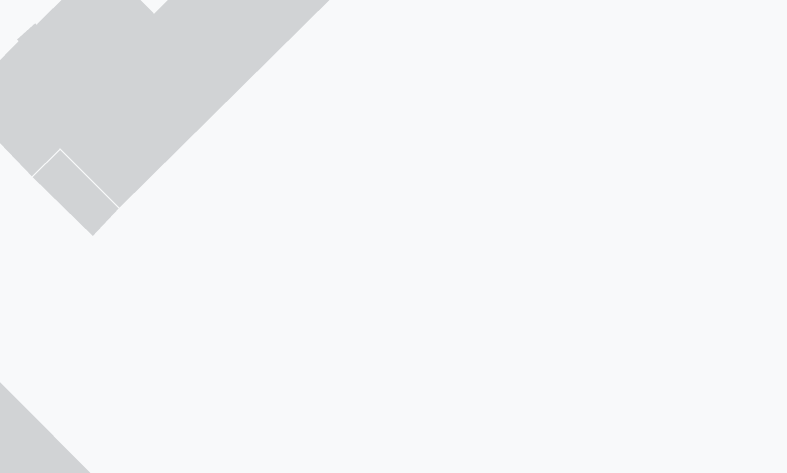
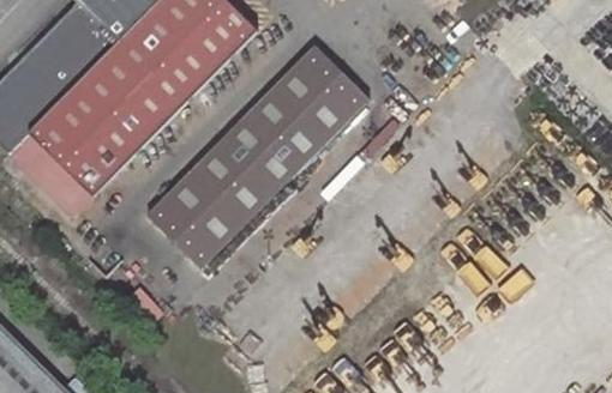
building: none -> [143,52,362,271]

